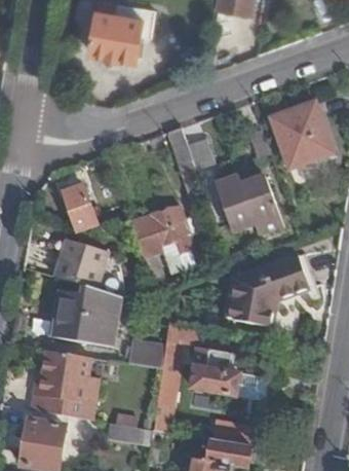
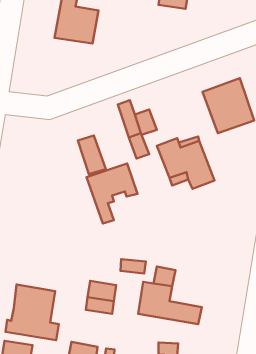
building: [61,184,94,231] -> [78,135,106,174]
building: [55,241,96,285] -> none
building: [228,253,310,327] -> none
building: [51,286,121,349] -> none

